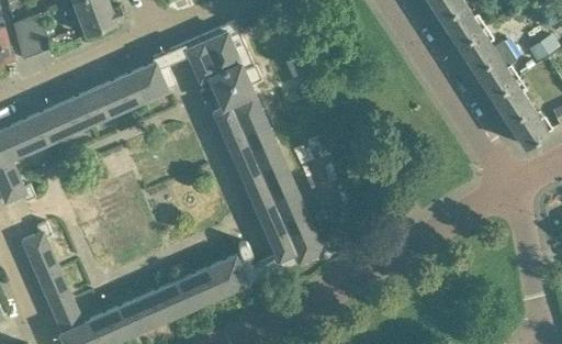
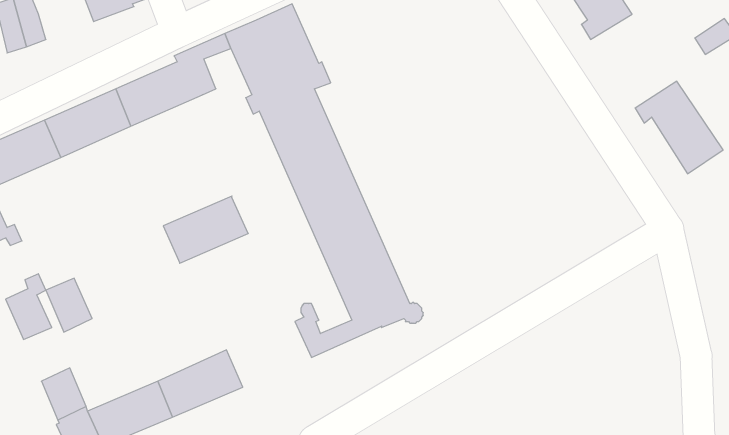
building: [451,31,516,100] -> none
building: [183,256,246,306] -> [163,196,248,263]
building: [34,262,68,301] -> [46,278,92,332]

